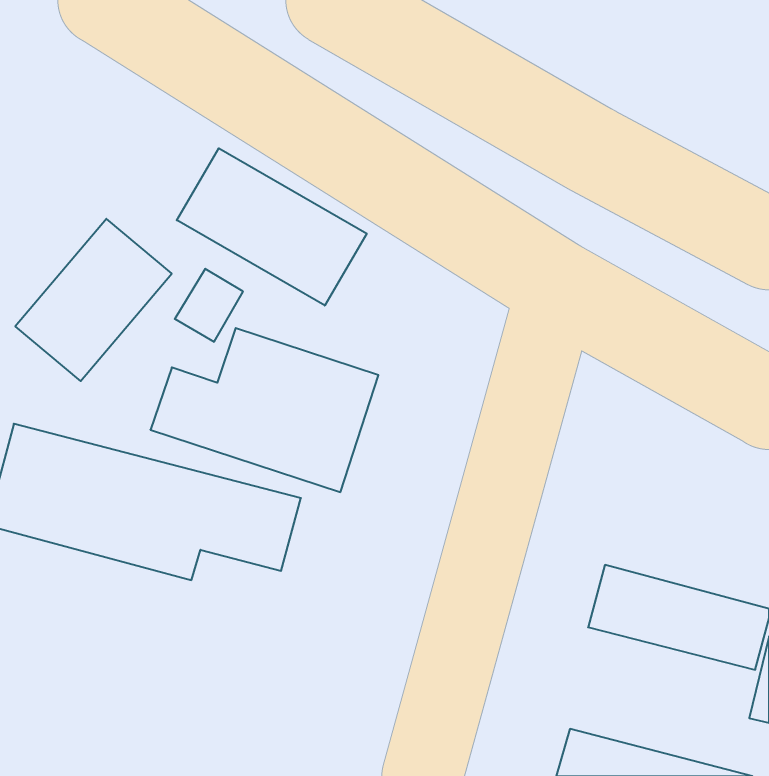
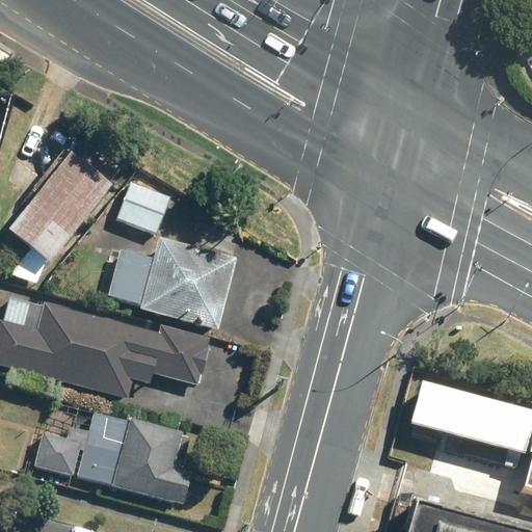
building: [177,148,367,306] -> none
building: none -> [32,407,204,508]

